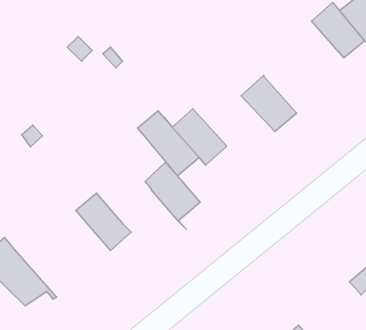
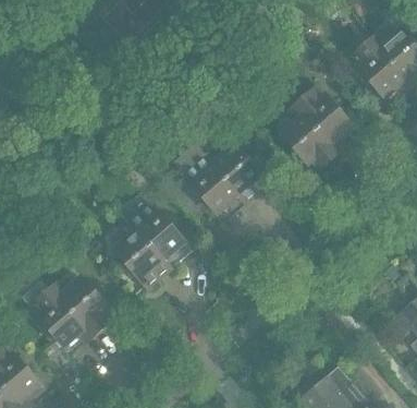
building: none -> [296,86,352,142]
building: [145,162,200,229] -> [128,203,184,271]
building: none -> [52,279,114,336]

